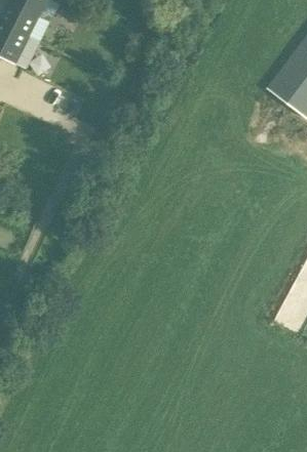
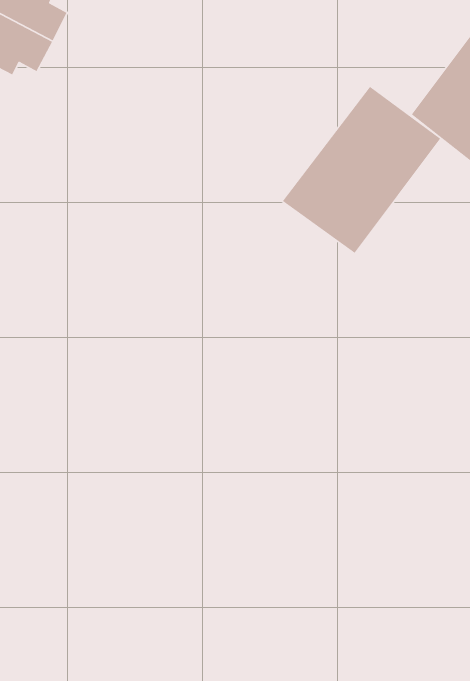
building: none -> [282,86,441,254]

